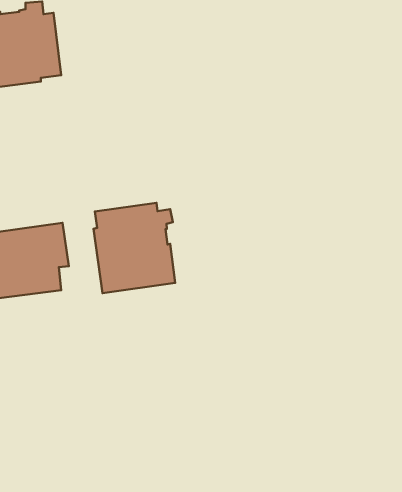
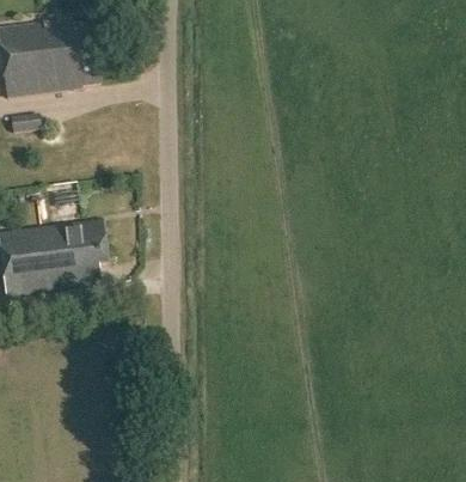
building: [94,203,175,293] -> none

